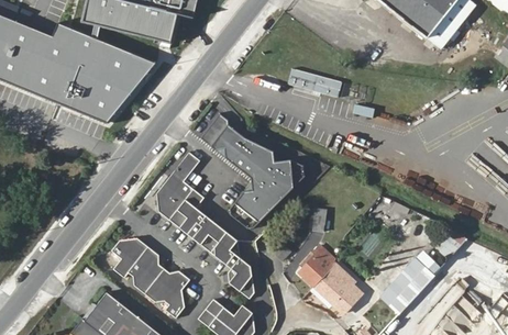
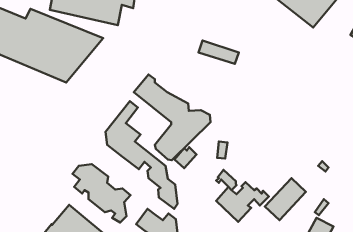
building: [296,256,325,284] -> [175,147,196,168]

